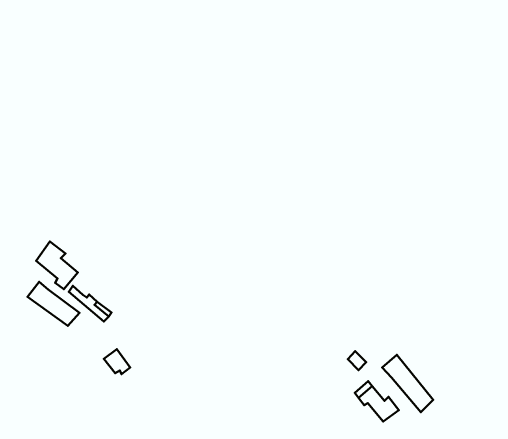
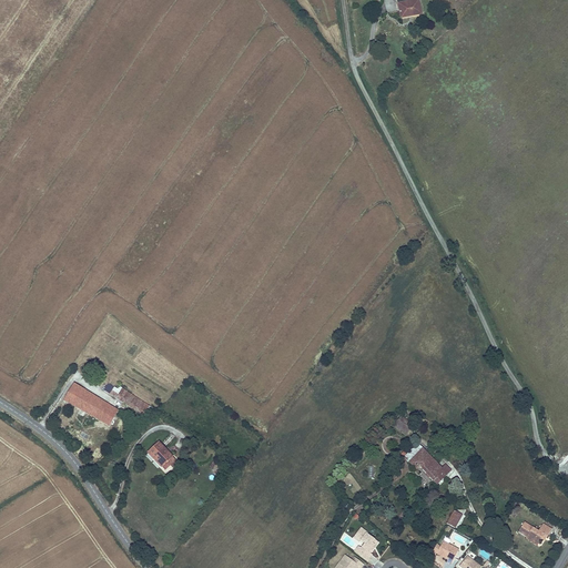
building: [36,241,78,289] -> none
building: [382,355,433,412] -> none

